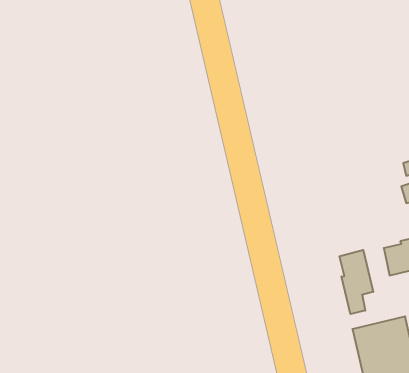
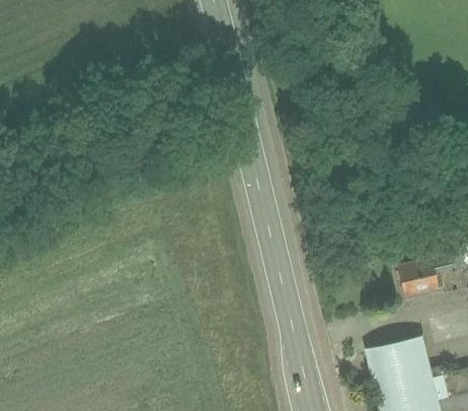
building: [339,250,373,314] -> none

